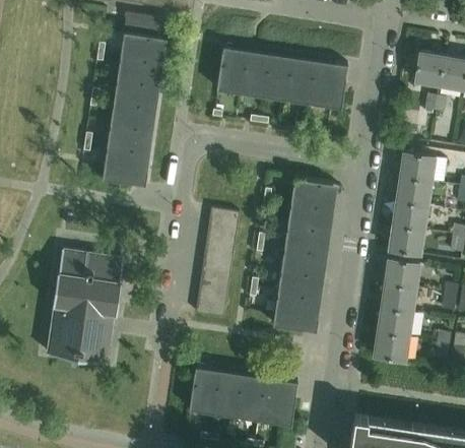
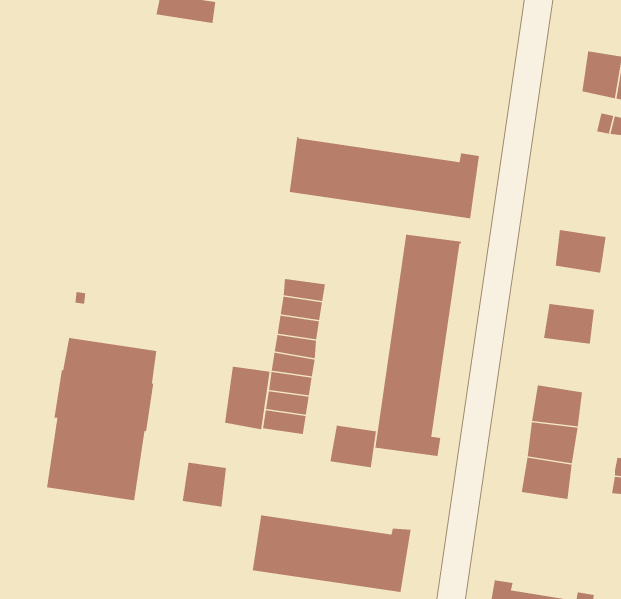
building: [103,31,162,185] -> none
building: [217,51,348,108] -> [289,136,480,219]
building: [400,151,436,180] -> none
building: [393,200,428,230] -> none
building: [385,258,420,286] -> none
building: none -> [224,366,270,430]
building: none -> [330,425,377,468]
building: none -> [182,462,227,508]

